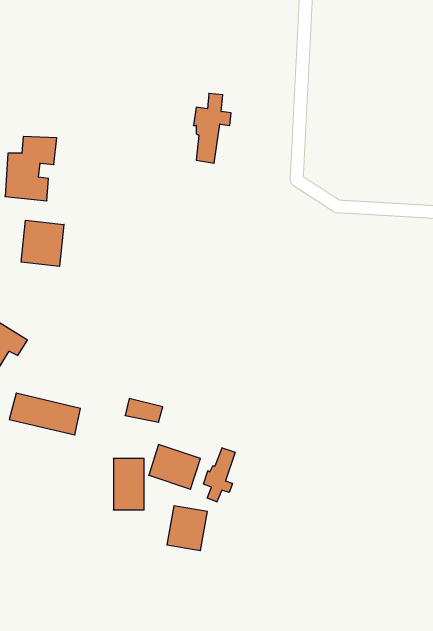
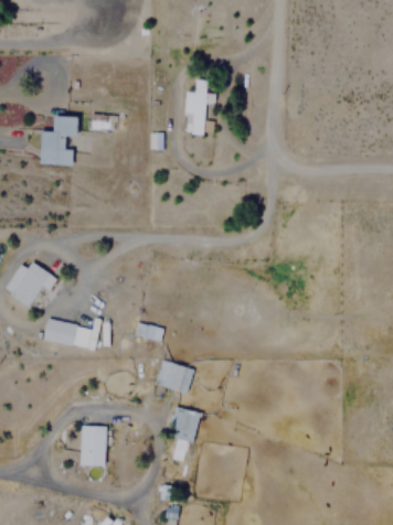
building: [21,220,64,266] -> none
building: [203,448,235,502] -> none
building: [113,458,144,510] -> [82,426,106,467]

